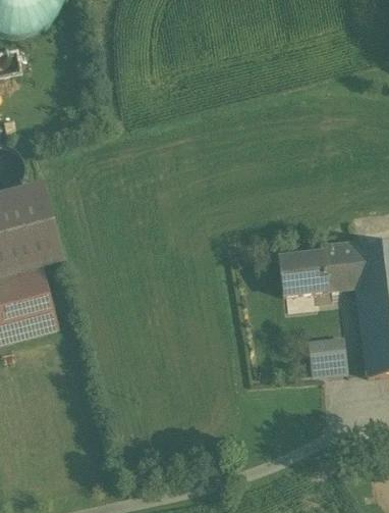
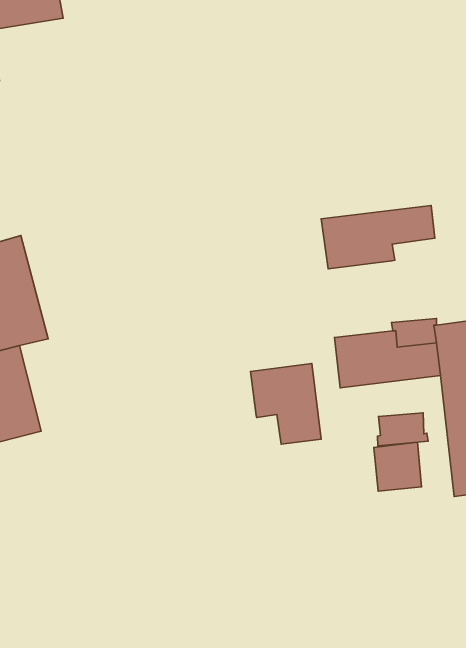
building: none -> [321,206,435,269]
building: none -> [251,364,321,444]
building: none -> [378,413,428,446]

